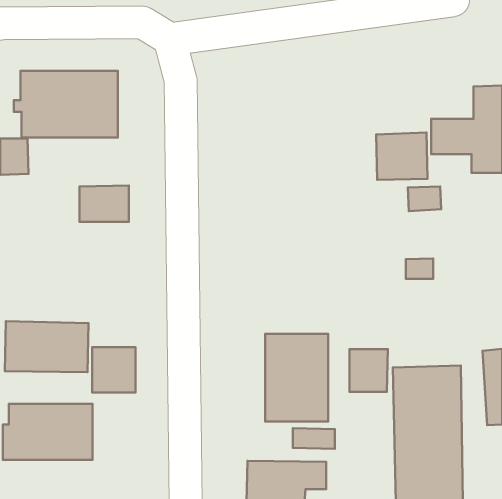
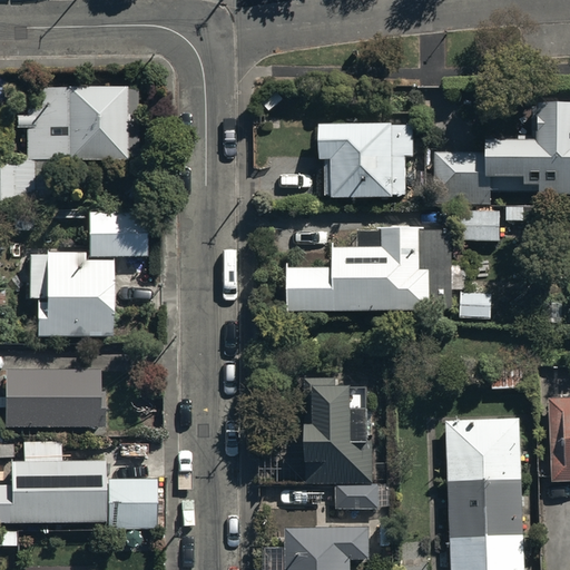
building: none -> [316,119,413,196]
building: none -> [283,225,430,313]
building: none -> [31,256,115,338]
building: [92,347,135,392] -> [108,479,157,530]
building: [350,349,388,392] -> none

